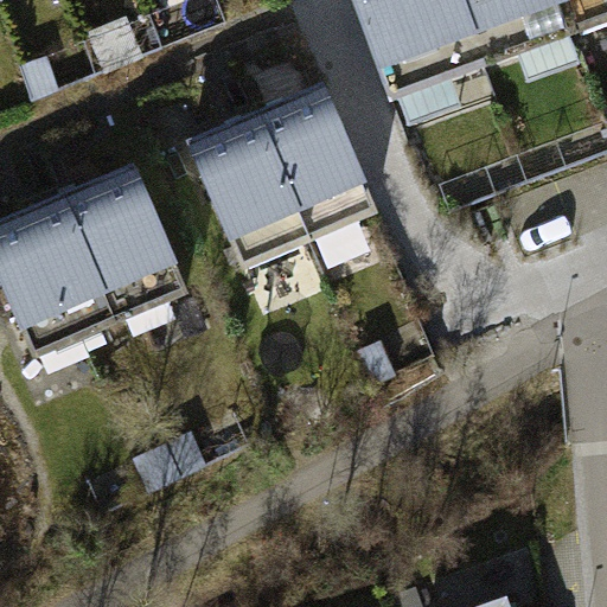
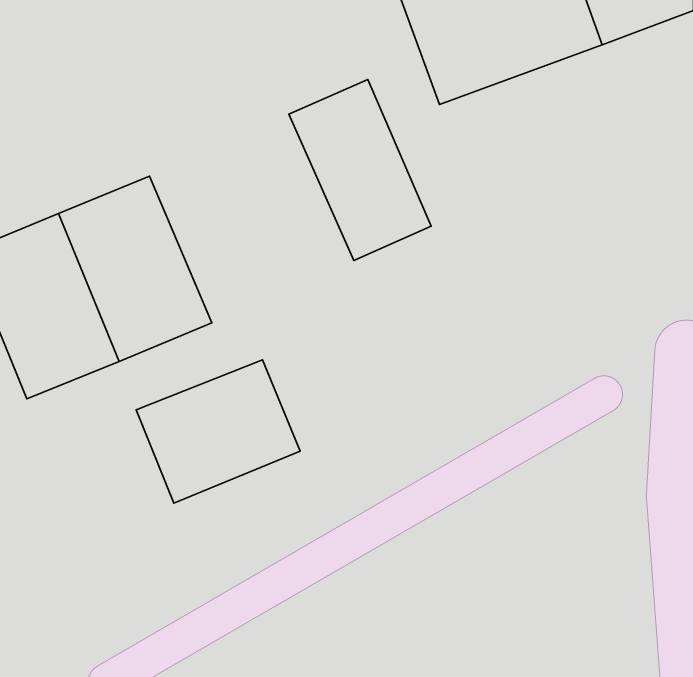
building: [183,100,305,254] -> none
building: none -> [136,360,300,503]

